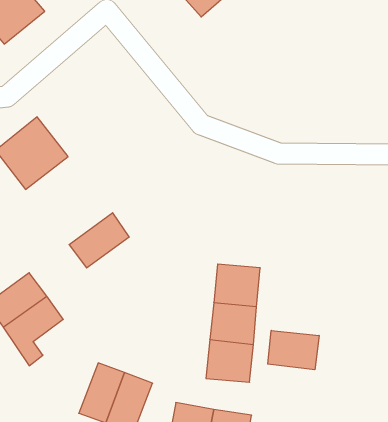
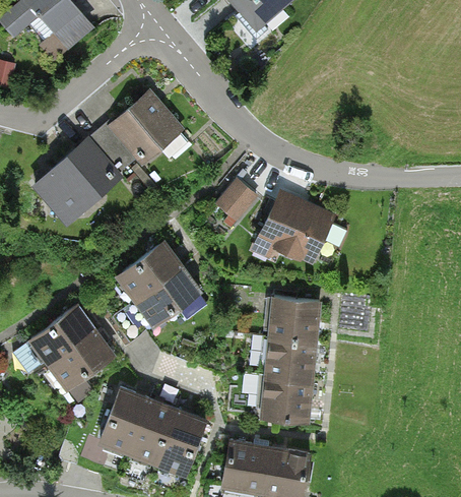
building: none -> [106,94,181,169]
building: none -> [211,182,256,227]
building: none -> [250,190,336,272]
building: none -> [137,266,200,323]
building: [268,330,319,370] -> none
building: none -> [101,387,149,451]

